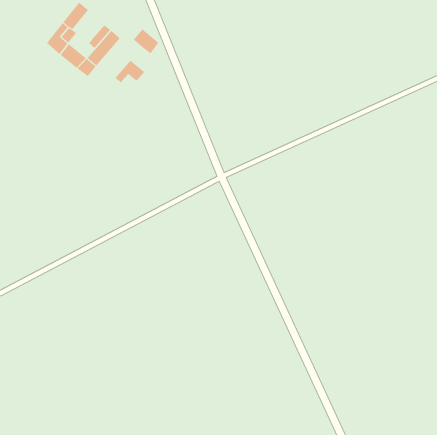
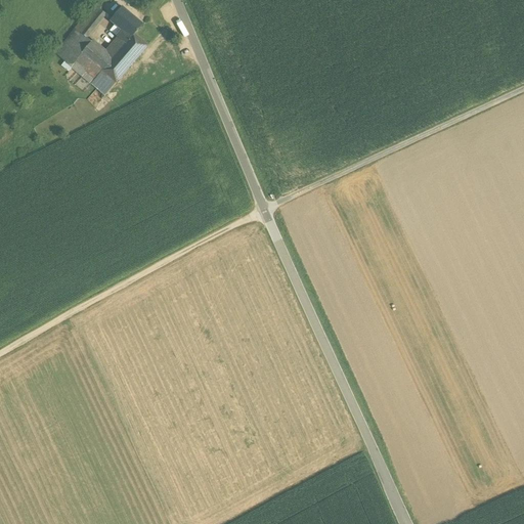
building: [133,28,159,54] -> [112,5,143,36]
building: none -> [82,40,114,70]
building: [114,60,145,83] -> none

